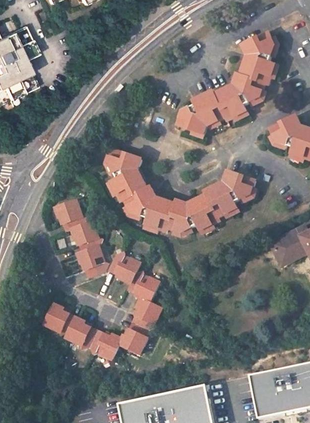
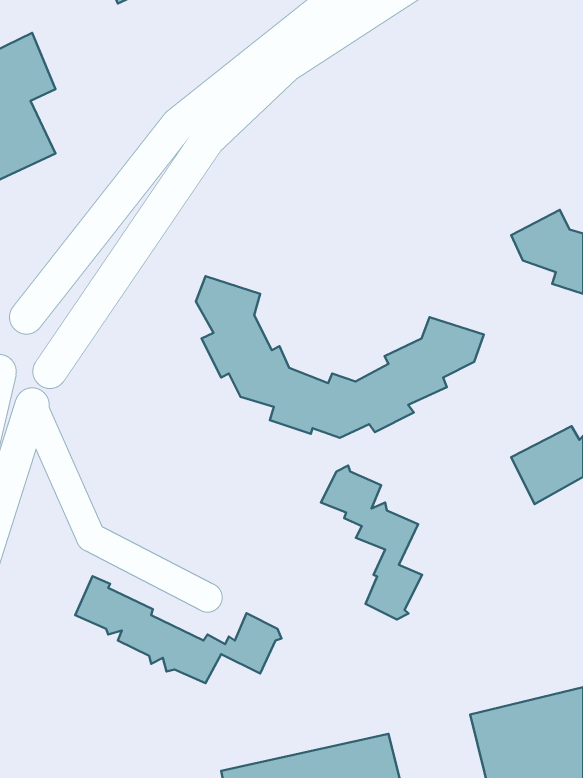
building: [174,33,273,138] -> none
building: [56,202,107,277] -> none
building: [110,252,162,331] -> [321,466,422,619]

